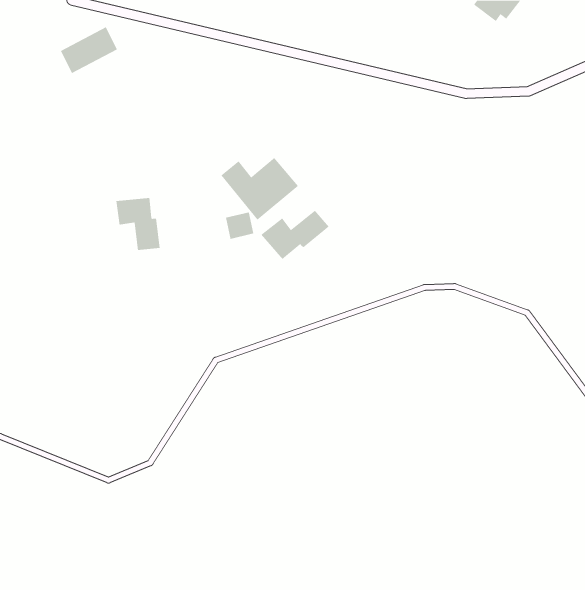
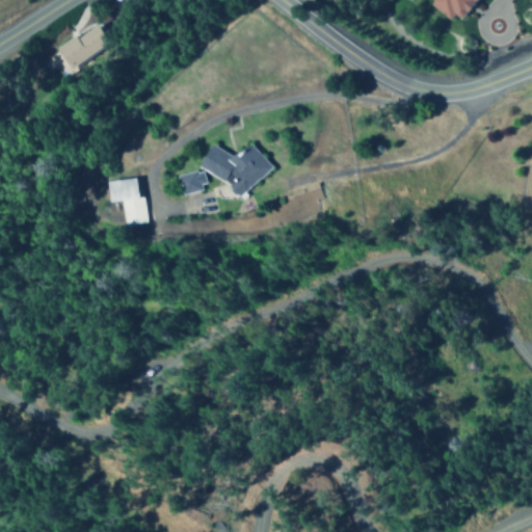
building: [261,210,329,260] -> none
building: [225,212,254,239] -> [181,169,207,194]

